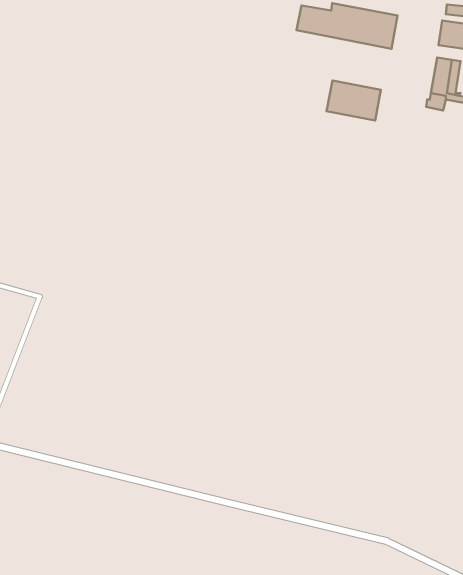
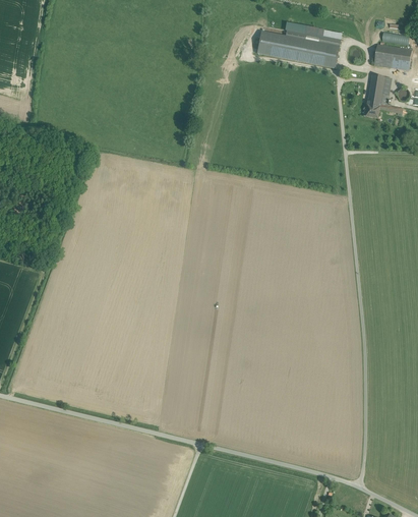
building: [327,81,381,121] -> none

